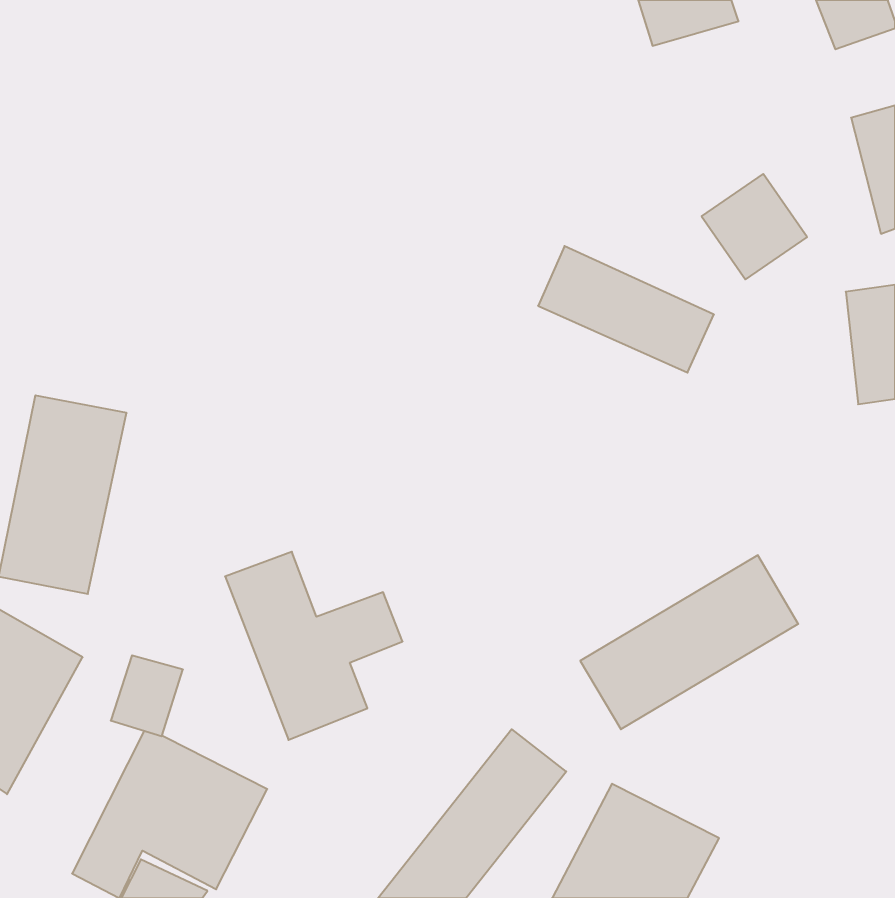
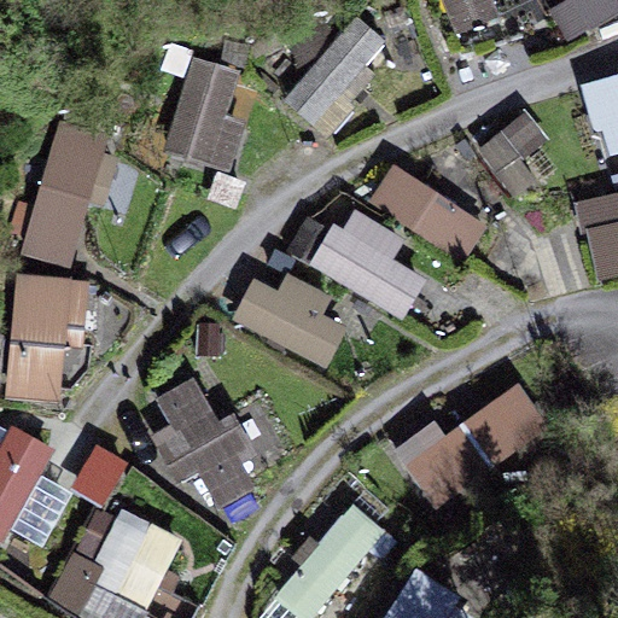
building: none -> [286,13,395,132]
building: none -> [162,62,262,175]
building: none -> [24,126,104,268]
building: none -> [314,215,442,321]
building: none -> [231,272,355,371]

